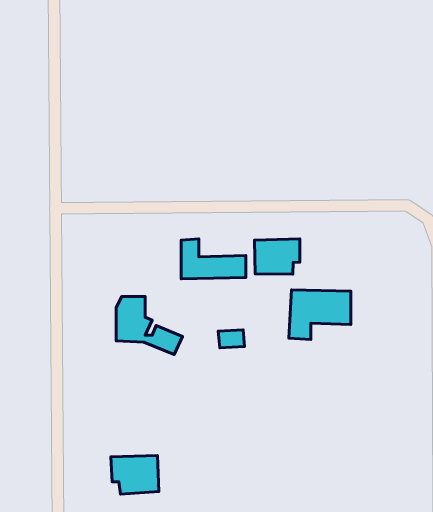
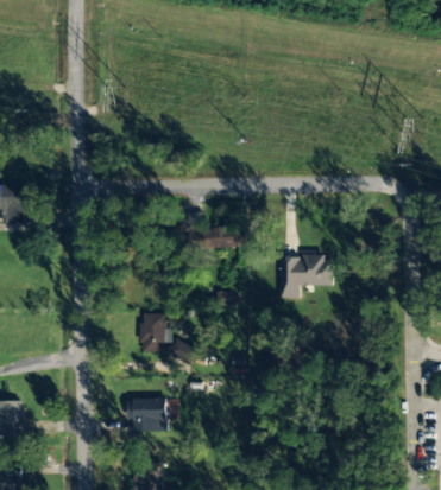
building: [254,239,300,274] -> none
building: [116,297,183,355] -> [141,314,199,364]

